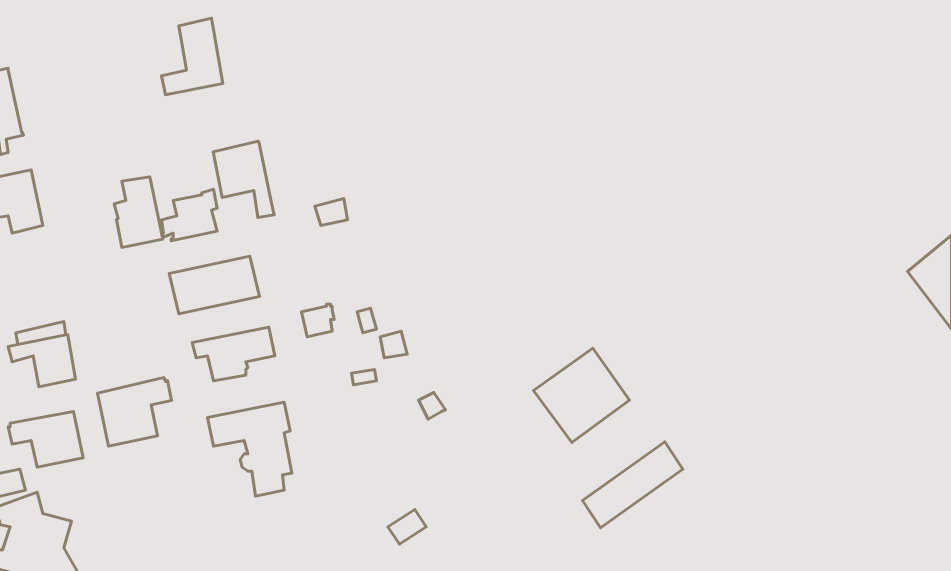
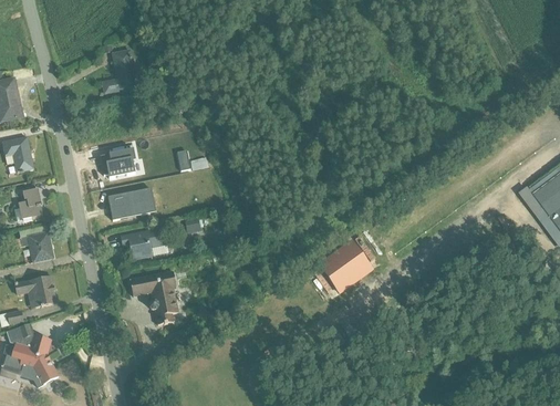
building: [213,141,274,217] -> none
building: [114,177,163,248] -> none
building: none -> [13,188,42,223]
building: [98,377,171,446] -> none
building: [582,442,683,528] -> none

